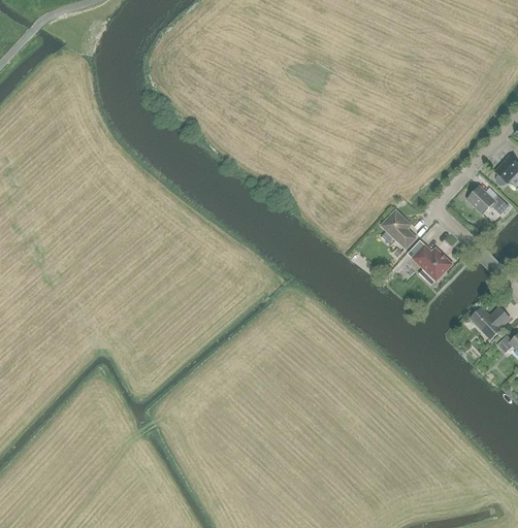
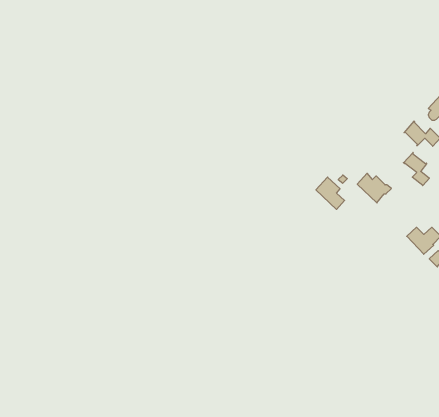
building: [382,210,415,248] -> [316,177,345,209]
building: none -> [403,152,429,186]

